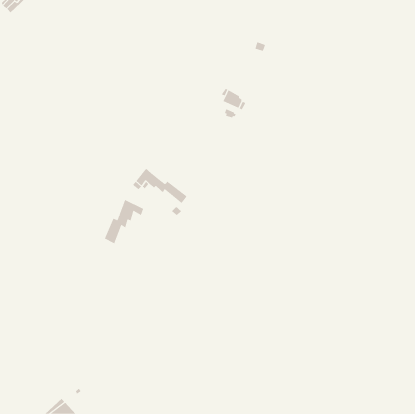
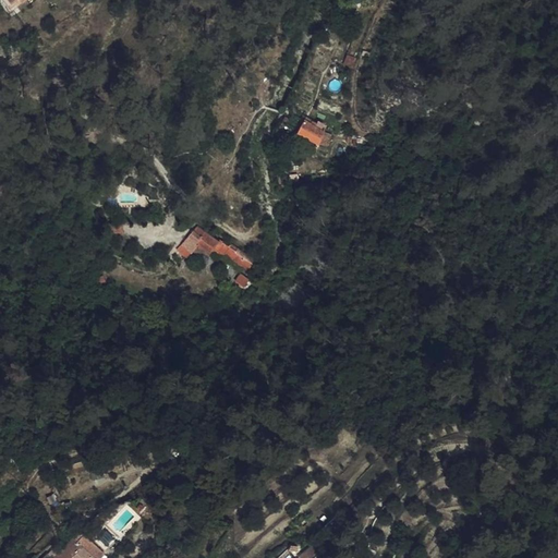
building: [104,199,144,244] -> none

